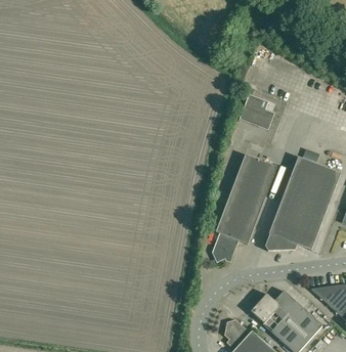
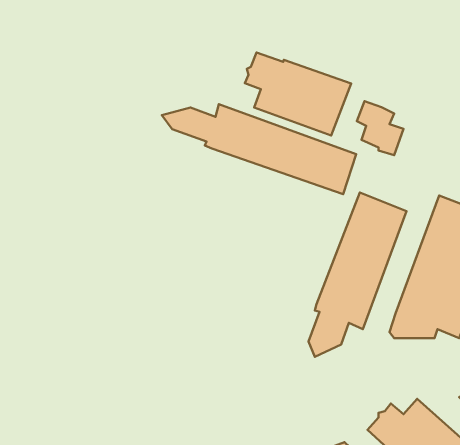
building: none -> [245,52,351,136]
building: none -> [162,104,356,194]

